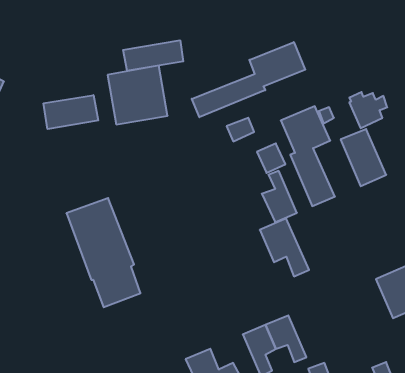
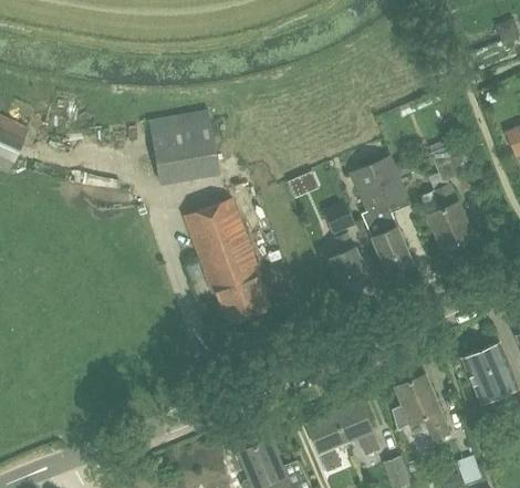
building: [123,40,183,71] -> none
building: [192,42,305,117] -> none
building: [44,95,98,129] -> none
building: [66,198,141,307] -> [184,198,270,325]
building: [260,219,309,276] -> [394,373,451,440]

